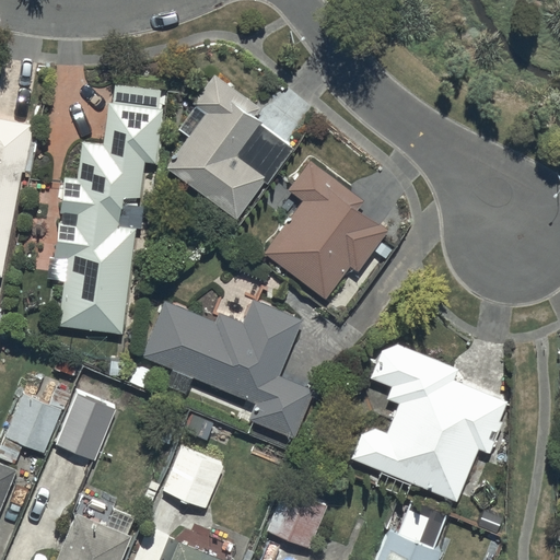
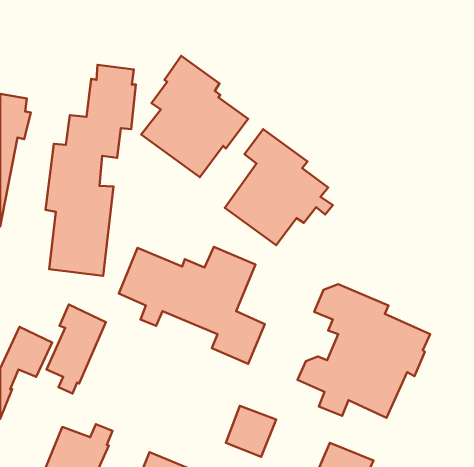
building: [164,448,224,508] -> none

